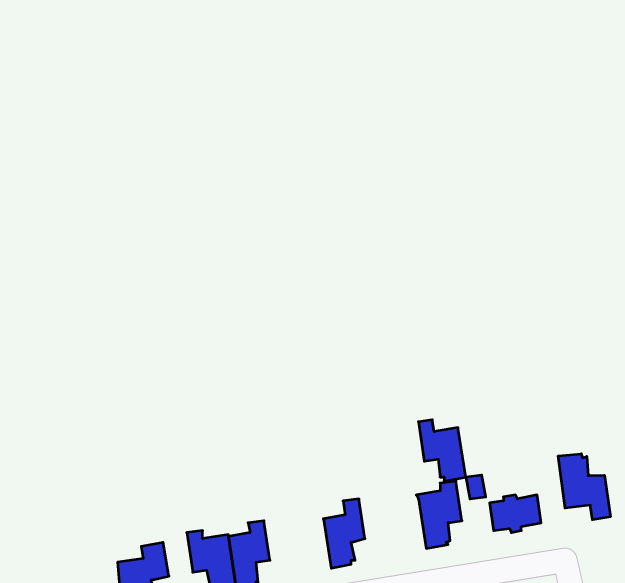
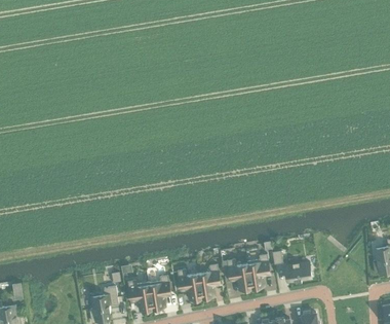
building: [418,420,466,481] -> [225,259,249,291]
building: [558,454,610,520] -> none
building: none -> [174,268,200,300]

